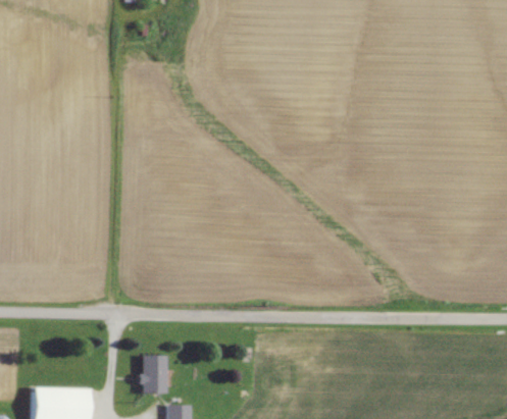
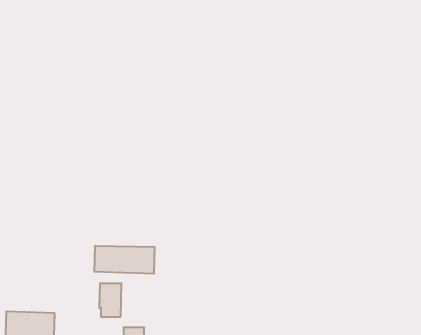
building: none -> [94,246,155,274]

